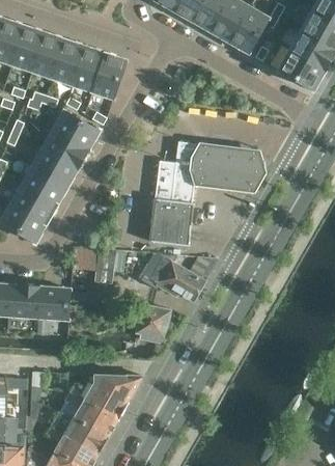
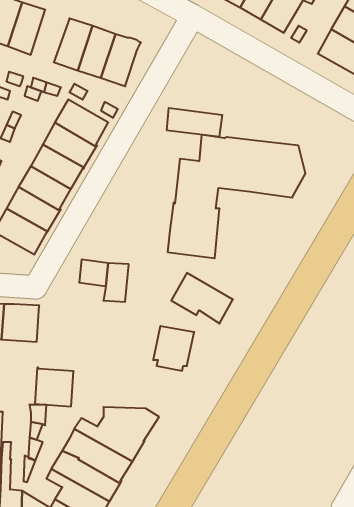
building: [31,33,64,78] -> none
building: none -> [167,108,222,137]
building: [36,286,69,320] -> [35,368,74,406]

